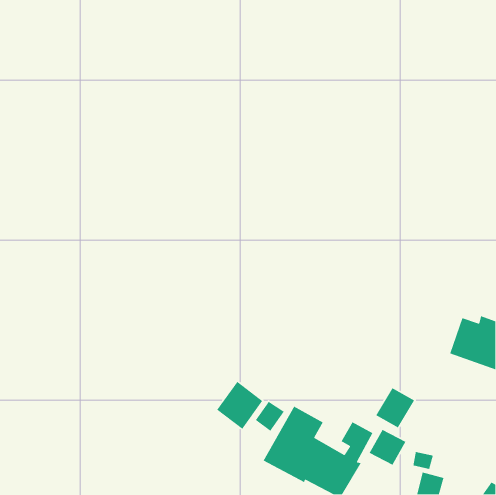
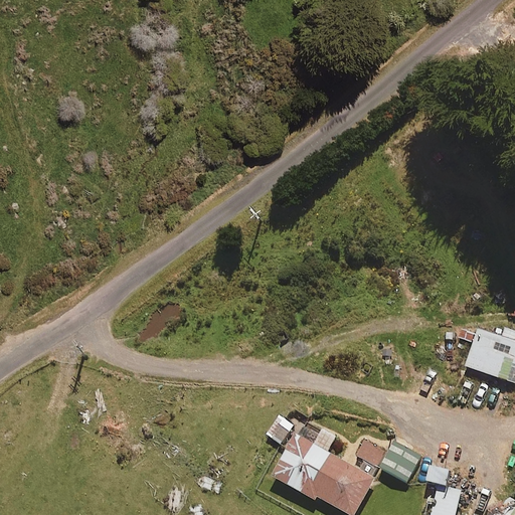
building: [216,381,263,430] -> none
building: [375,387,415,429] -> none

